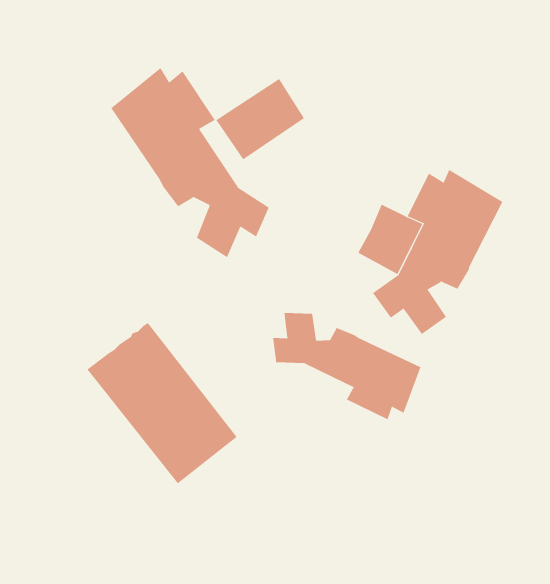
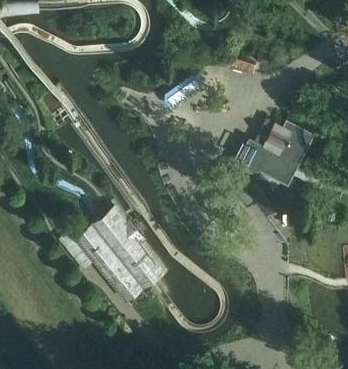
building: [110,67,270,258] -> none
building: [273,312,421,420] -> none

